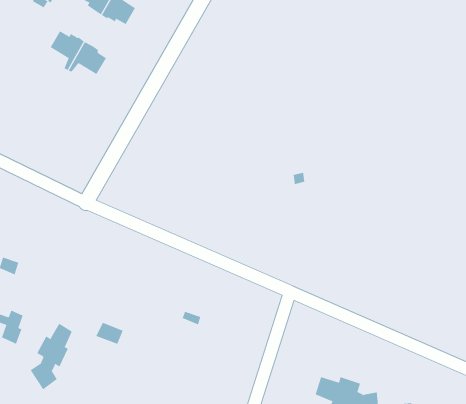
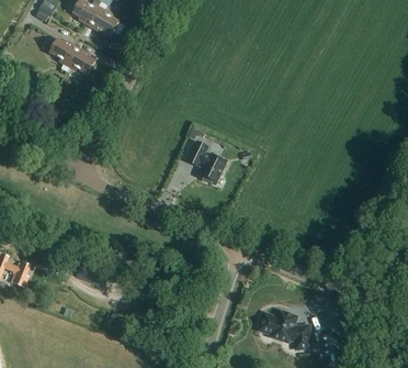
building: none -> [186,141,227,183]
building: [30,323,73,390] -> none

